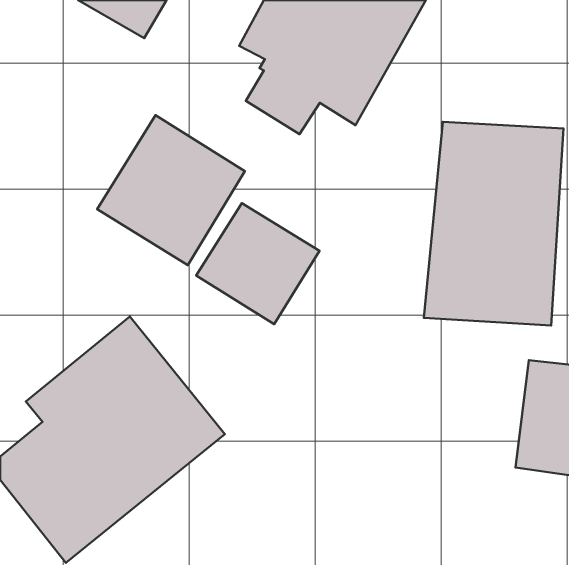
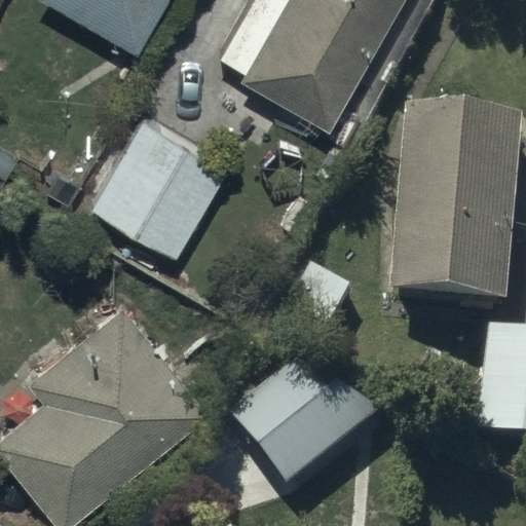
building: [196,203,319,324] -> none
building: none -> [237,371,380,489]

